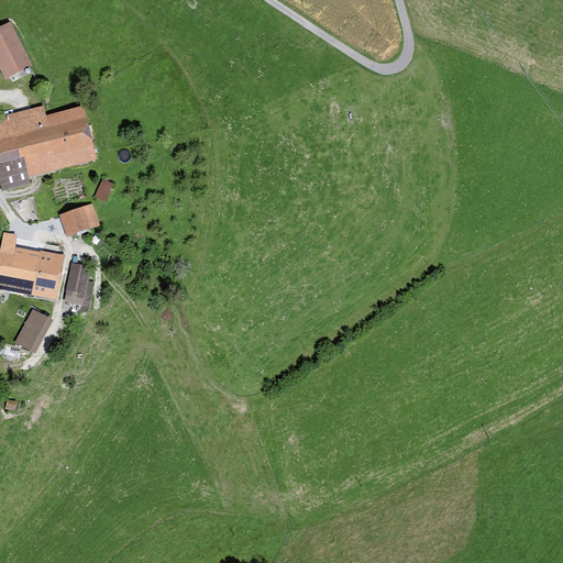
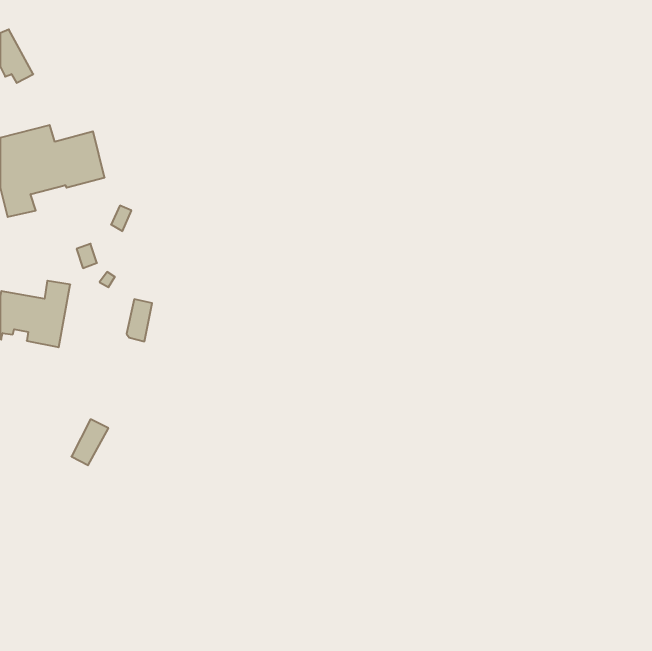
building: [70,265,92,301] -> [127,299,152,341]
building: [16,310,48,350] -> [71,419,108,465]

